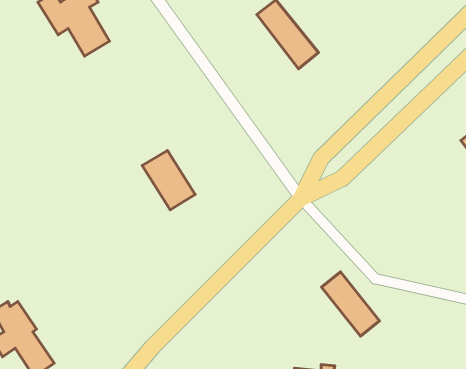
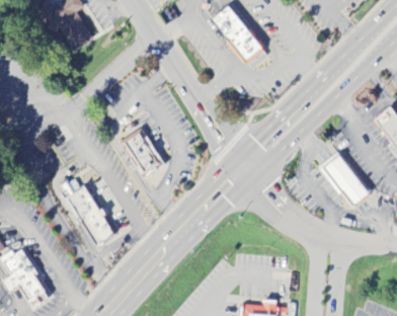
building: none -> [67,184,115,244]
building: [322,272,379,336] -> [322,154,369,206]

